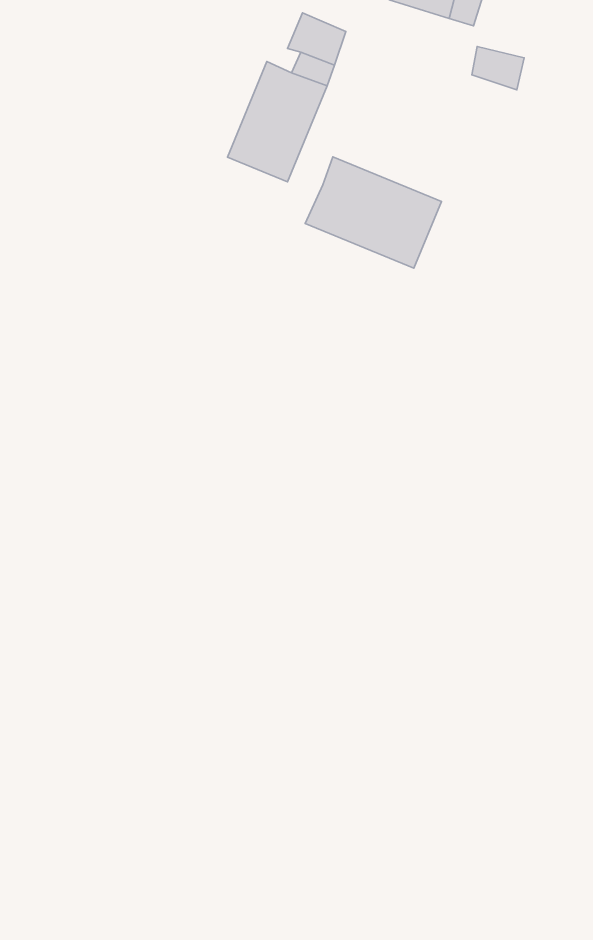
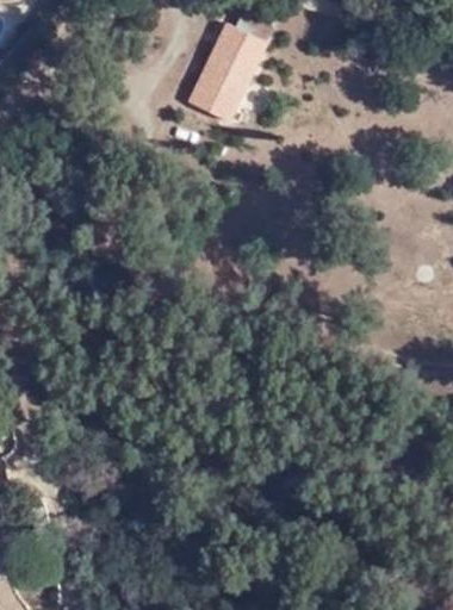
building: [305,157,442,268] -> none

